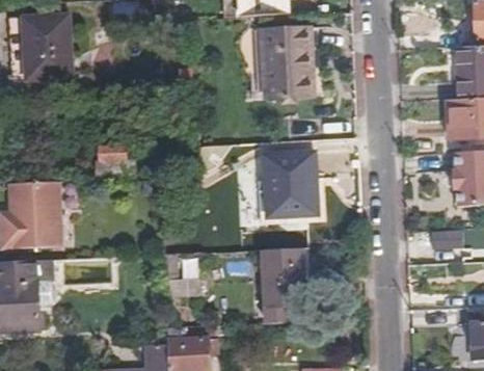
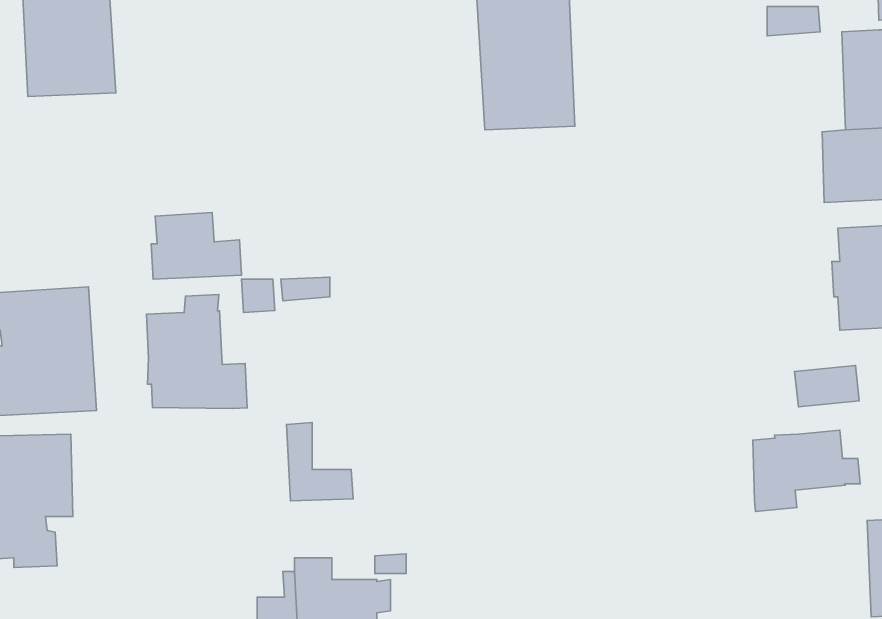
building: [265,154,318,216] -> none
building: none -> [146,295,247,408]
building: [261,248,305,322] -> none
building: none -> [753,430,860,511]

